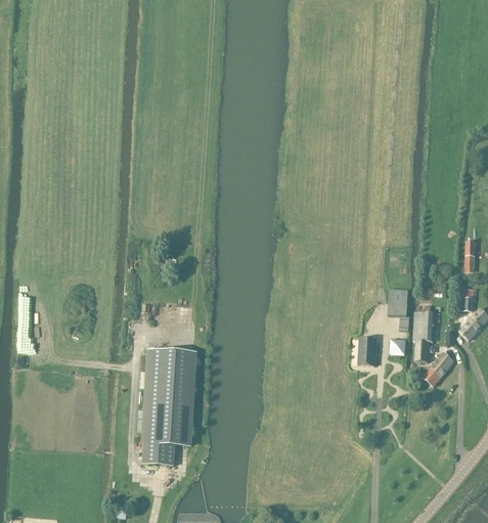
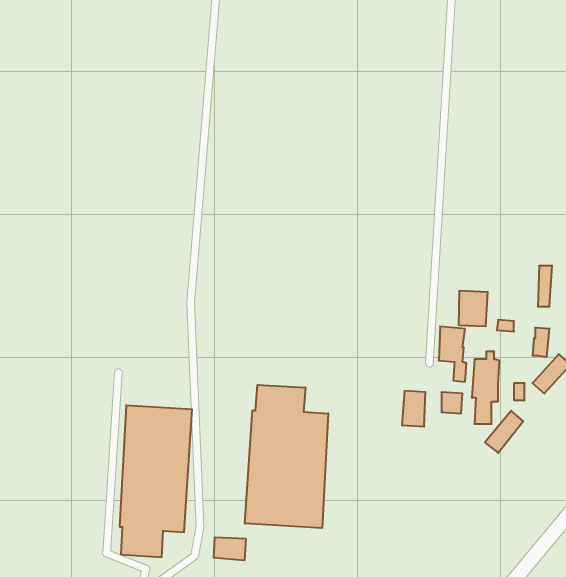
building: none -> [459,291,488,326]
building: none -> [245,385,328,528]
building: none -> [214,537,246,560]

